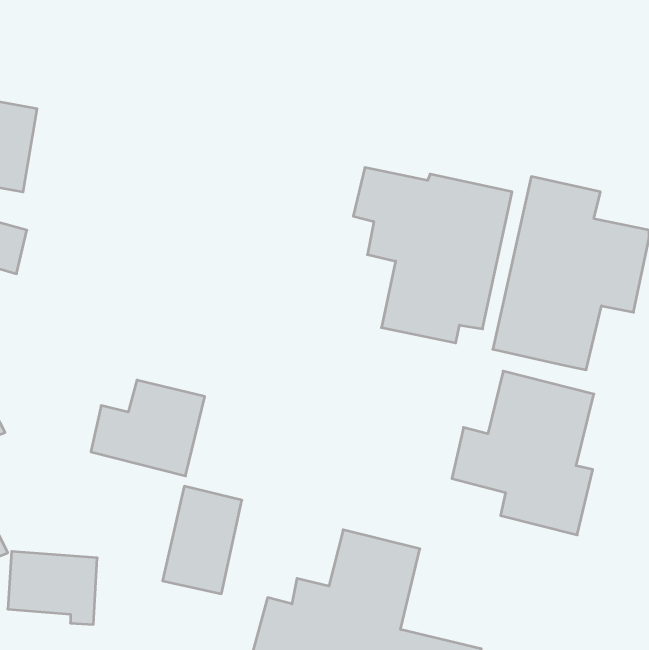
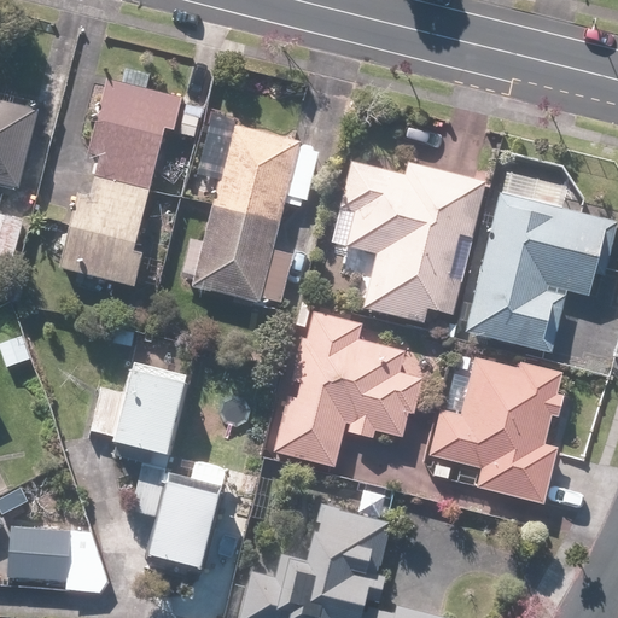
building: none -> [58,82,183,292]
building: none -> [181,128,316,310]
building: none -> [272,307,420,467]

